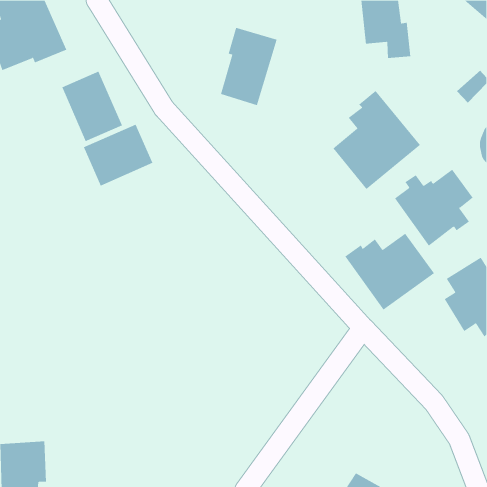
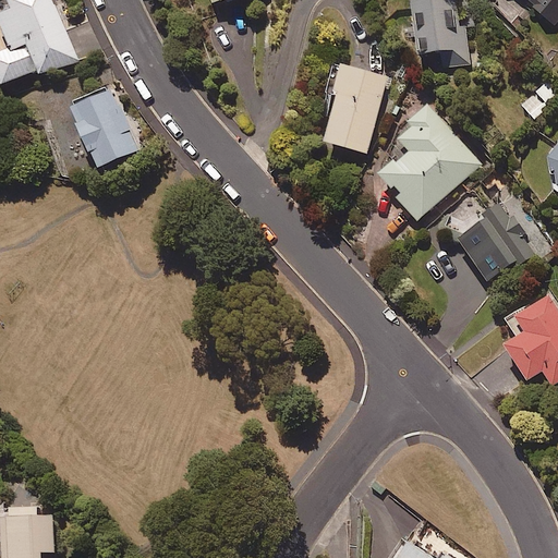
building: [220,27,278,106] -> [323,63,388,153]
building: [83,124,153,186] -> none
building: [344,233,435,311] -> none

